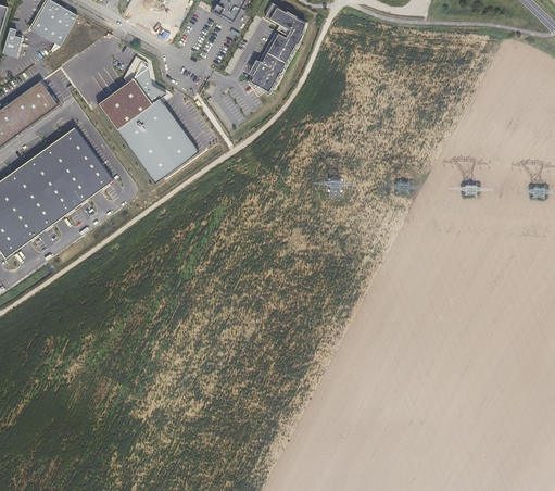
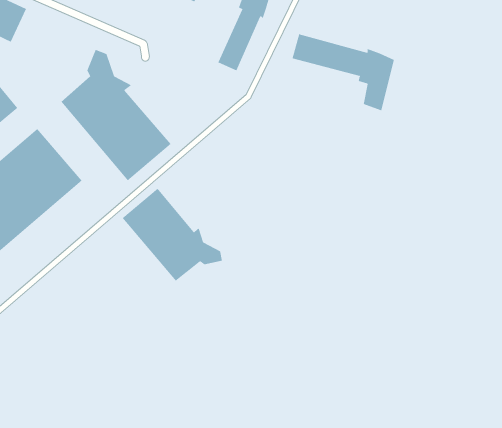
building: none -> [292,34,394,111]
building: none -> [122,188,222,282]

